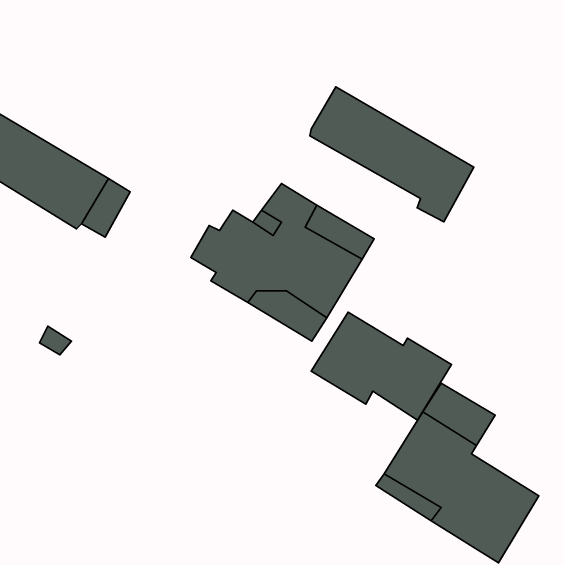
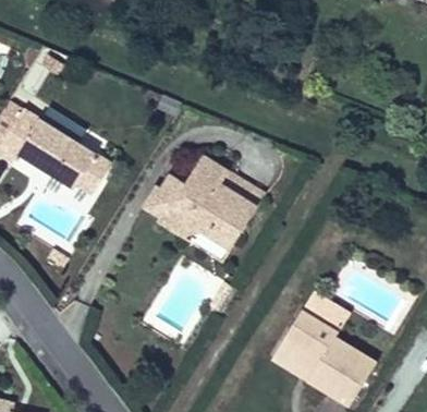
building: [310,87,474,222] -> none
building: [311,312,451,420] -> none

